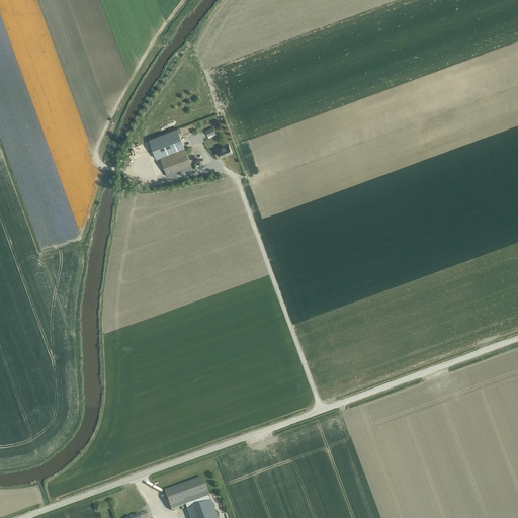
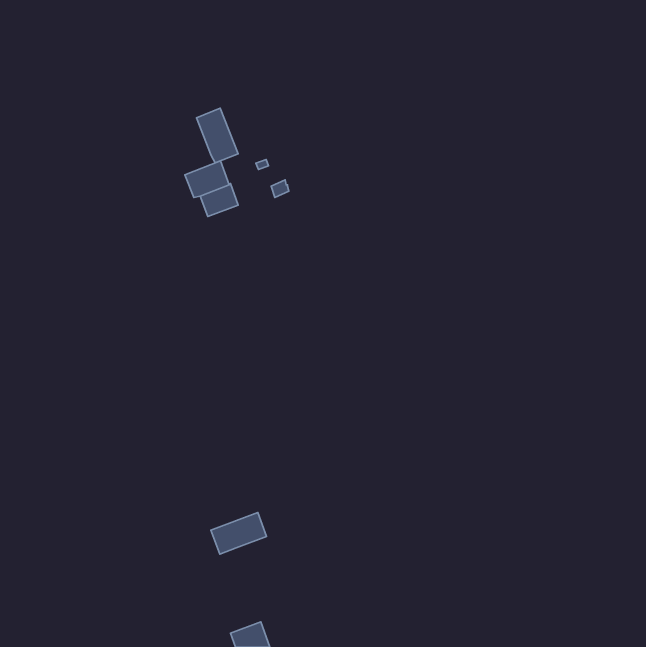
building: none -> [197,108,238,163]
building: [164,478,208,511] -> [211,512,267,554]

